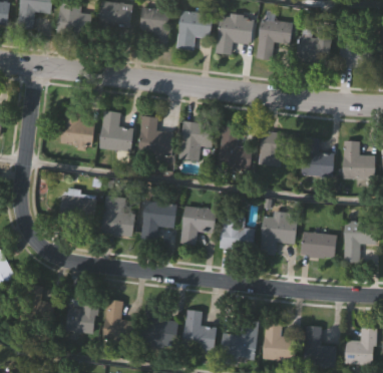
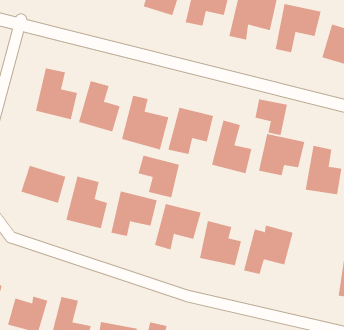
building: none -> [255,99,287,136]
building: none -> [138,155,180,198]
building: [301,233,335,256] -> none

